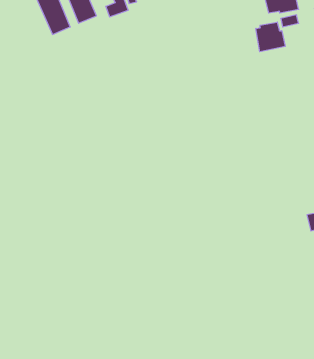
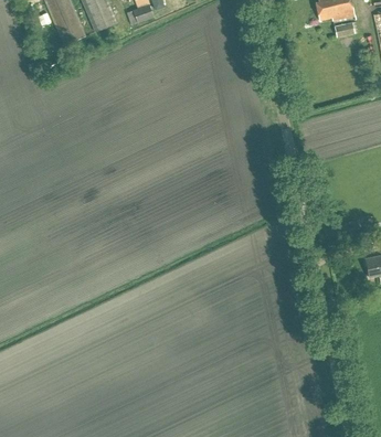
building: [256,22,285,52] -> none

